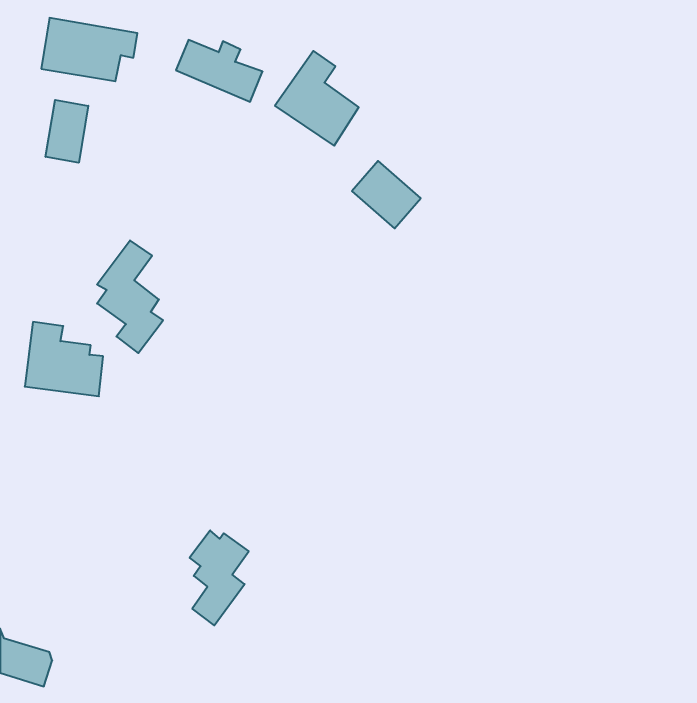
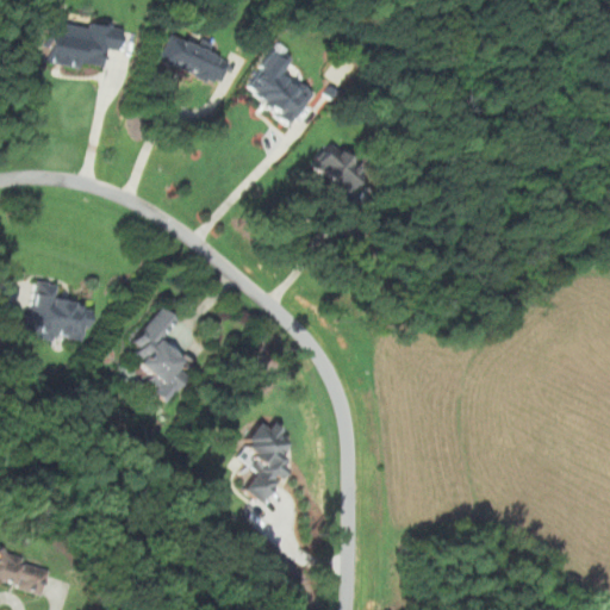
building: [46,100,88,163] -> none
building: [97,240,163,353] -> [132,305,189,403]
building: [190,530,249,625] -> [242,422,293,504]

